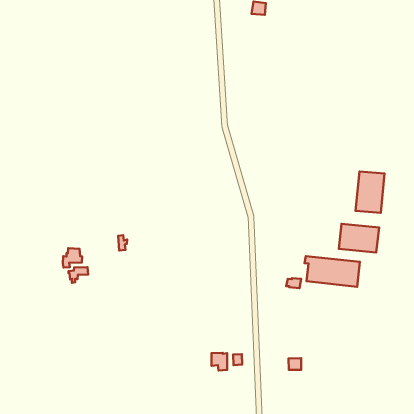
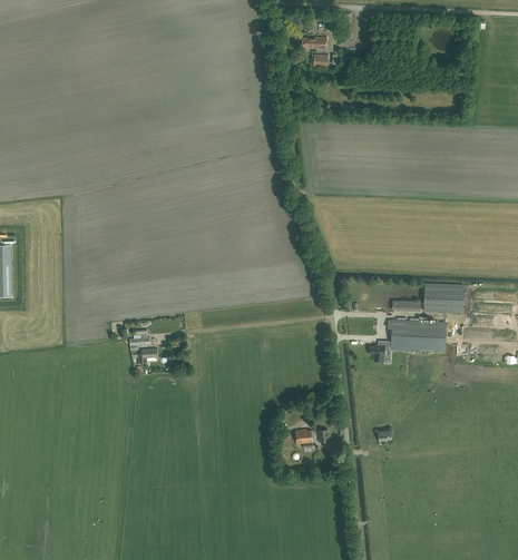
building: [356,172,385,213] -> none

